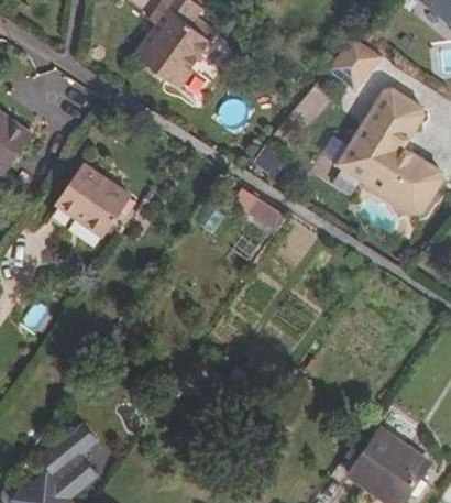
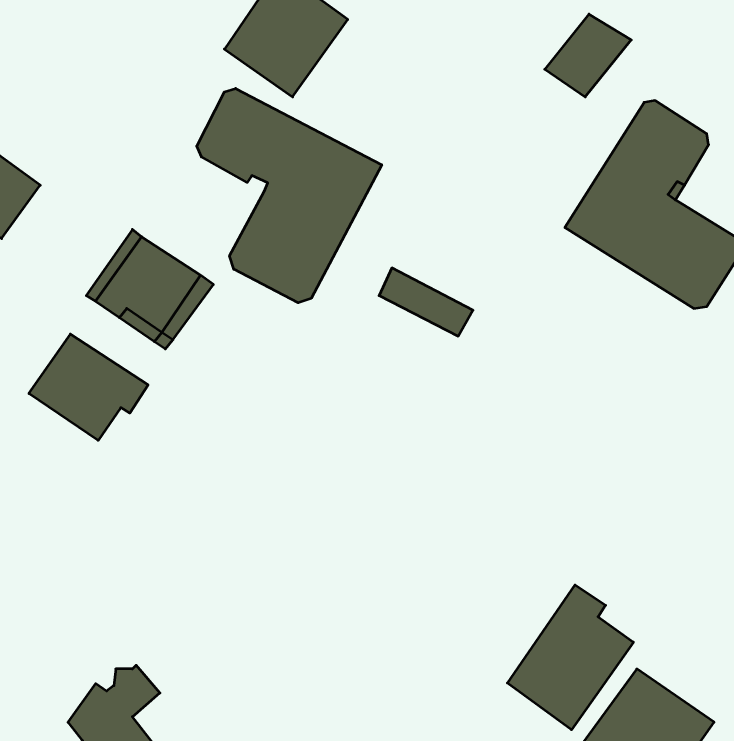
building: none -> [197,88,382,303]
building: none -> [29,334,148,440]
building: none -> [507,585,633,730]

